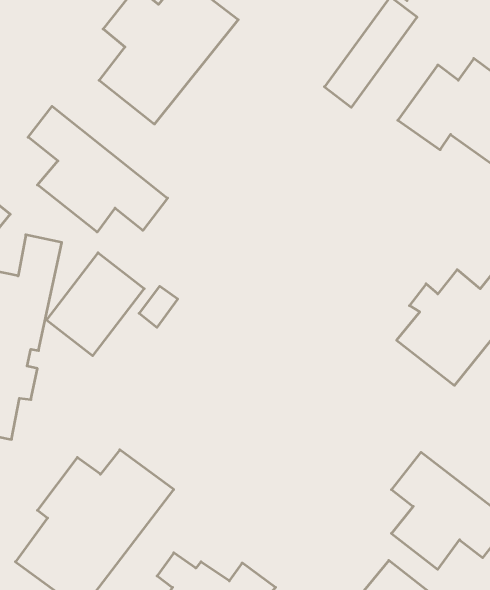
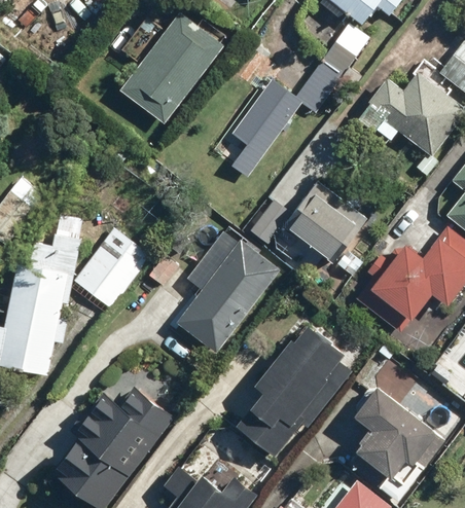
building: none -> [213,79,300,177]
building: [28,106,168,232] -> none
building: none -> [250,181,366,264]
building: none -> [174,232,282,355]
building: none -> [234,323,347,459]

